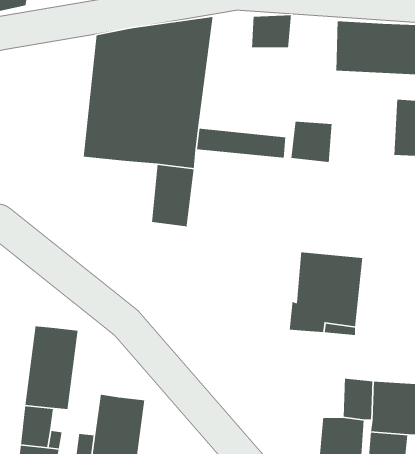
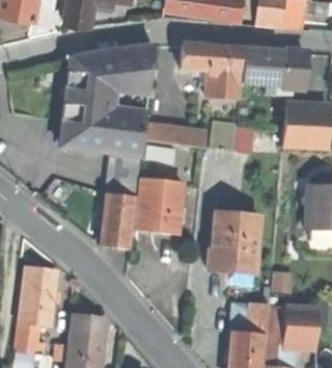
building: none -> [206,45,240,99]
building: none -> [134,178,182,234]
building: none -> [101,193,133,249]

